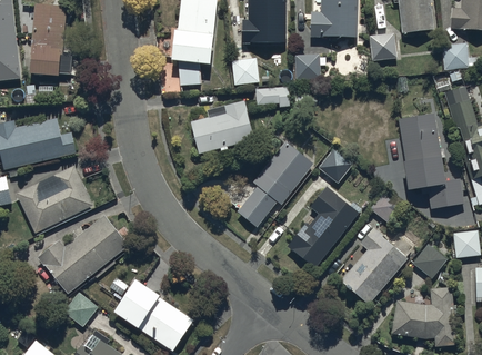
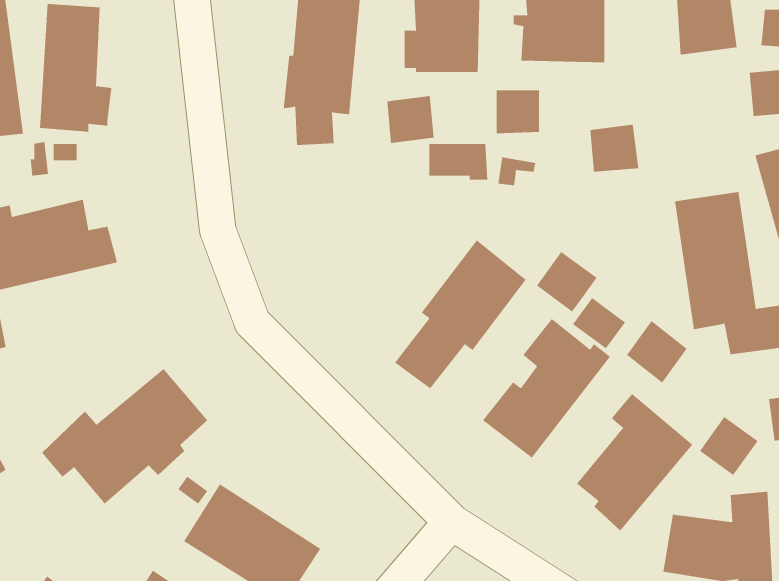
building: [368,31,396,59] -> [589,124,639,172]
building: [190,99,253,154] -> none
building: [14,164,91,233] -> none
building: none -> [572,297,626,349]
building: [63,290,98,326] -> none

